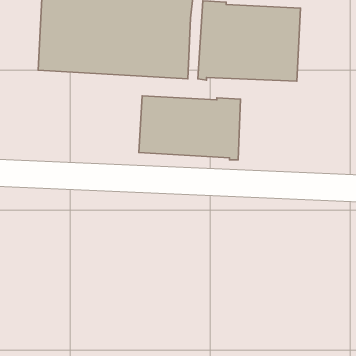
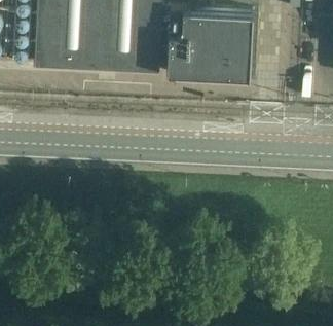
building: [139,96,241,160] -> none

